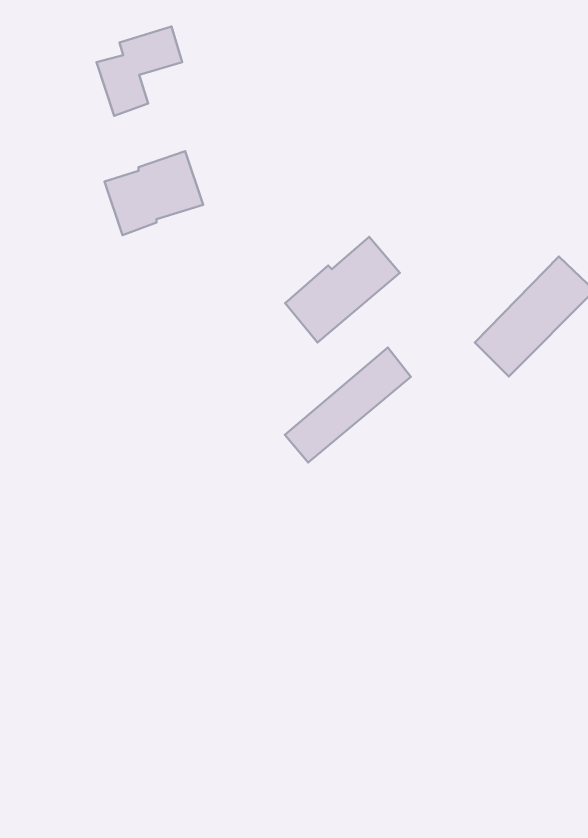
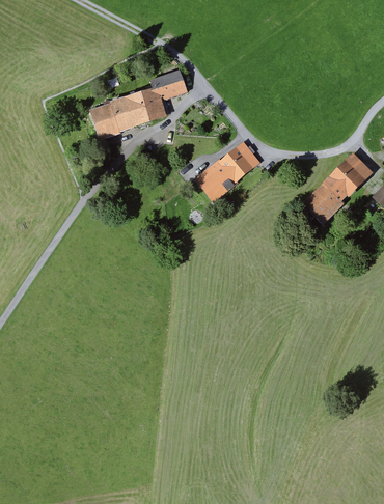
building: [96,26,182,116] -> [135,71,185,122]
building: [285,348,411,462] -> none

